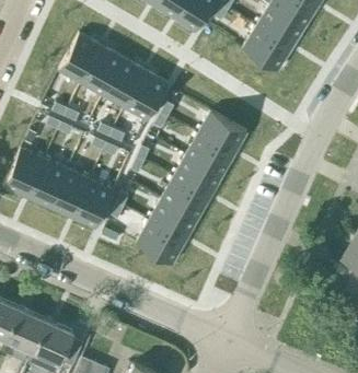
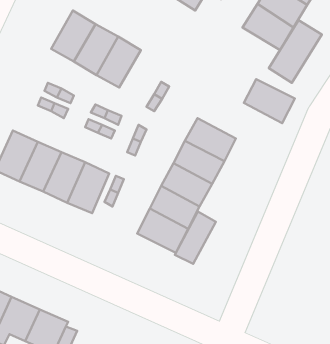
building: none -> [269,20,322,83]
building: [123,70,166,119] -> none
building: [198,113,247,155] -> [244,79,295,123]
building: none -> [175,211,216,264]

